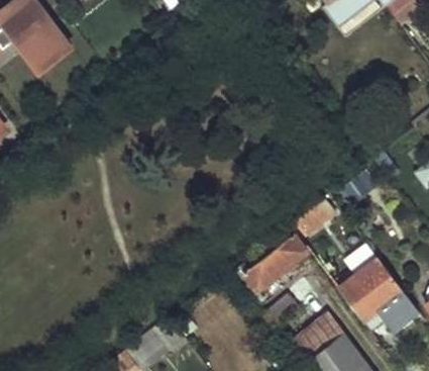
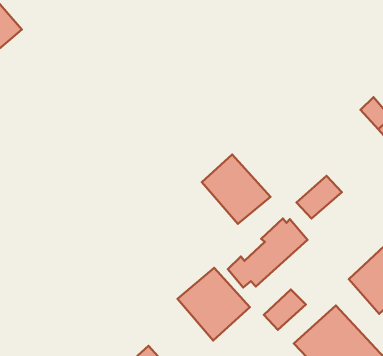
building: none -> [202,155,270,224]
building: none -> [177,268,250,341]

